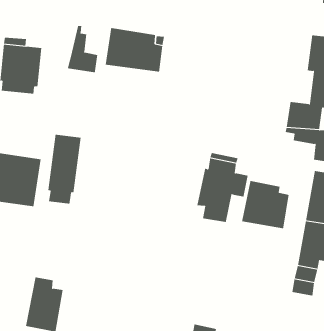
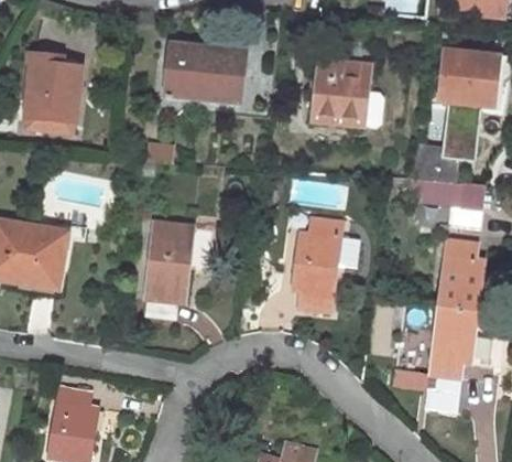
building: [67,25,98,73] -> none
building: none -> [311,63,371,129]
building: [48,134,82,204] -> [143,224,189,319]
building: [241,180,289,229] -> none

